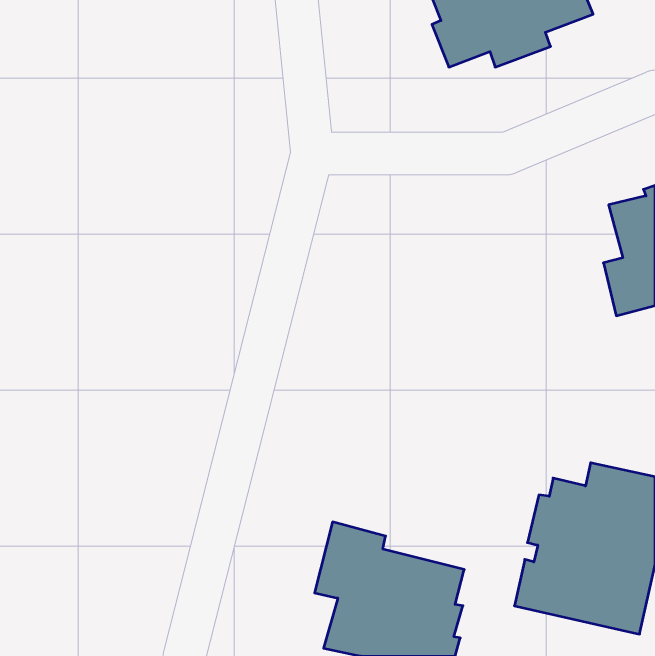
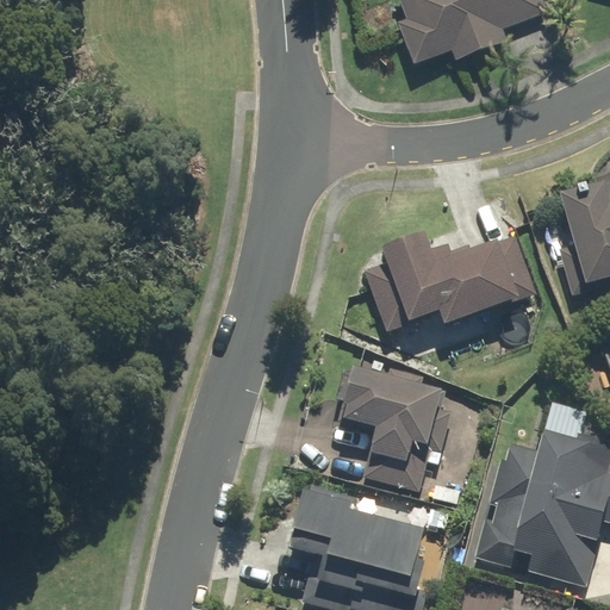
building: none -> [366,229,535,331]
building: none -> [335,366,452,491]

